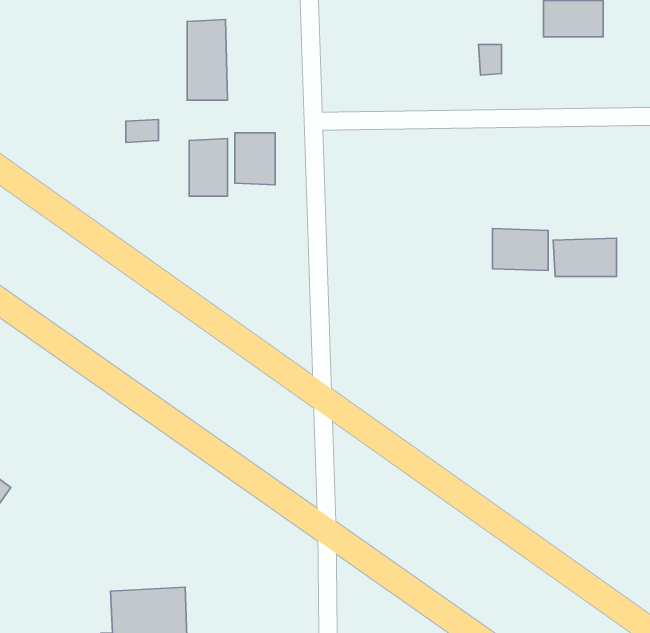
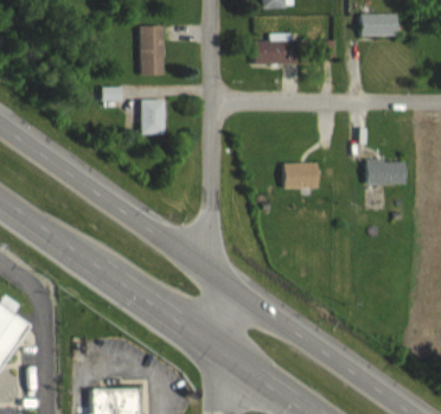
building: none -> [254,33,295,64]
building: [235,133,275,185] -> none
building: [493,228,548,271] -> [285,163,319,189]

